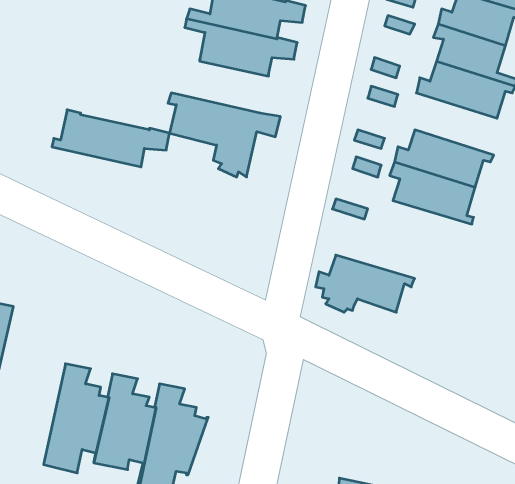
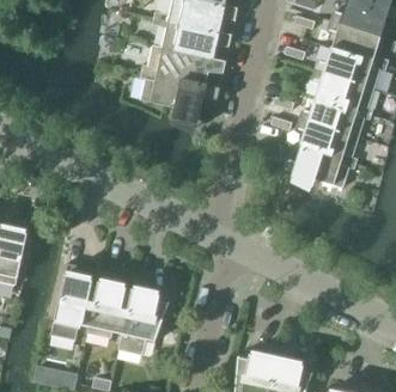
building: none -> [312,73,373,117]
building: [52,110,170,167] -> [141,47,225,87]
building: [316,255,415,312] -> [285,149,355,190]

